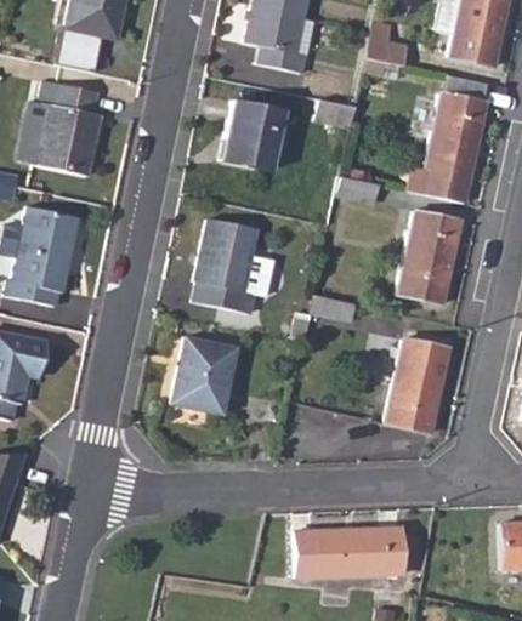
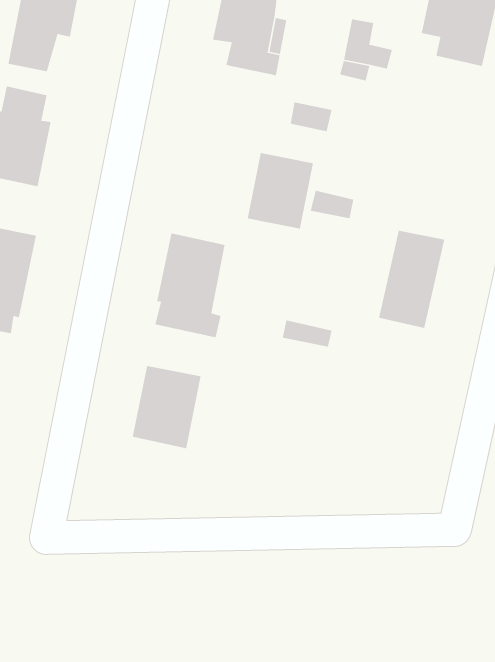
building: [422,91,484,184] -> none
building: [223,99,284,170] -> [247,152,314,230]
building: [384,340,448,433] -> none
building: [296,526,402,575] -> none

